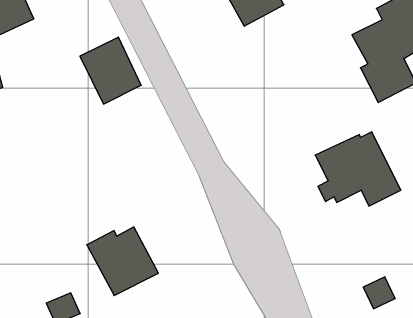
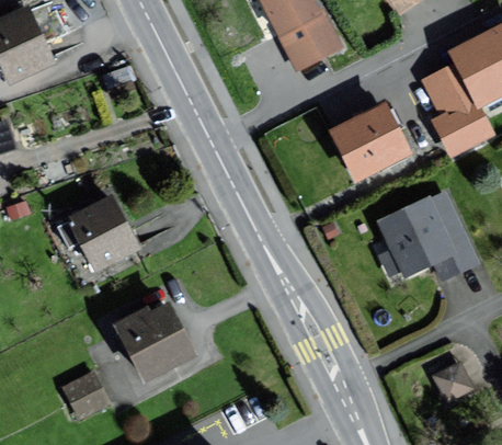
building: [80,37,141,104] -> [68,195,139,273]
building: none -> [333,104,407,176]

